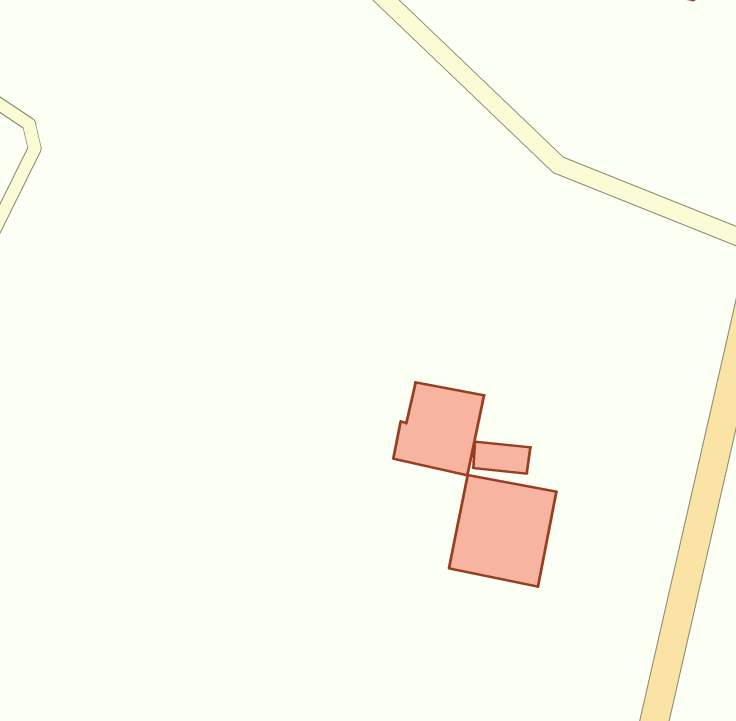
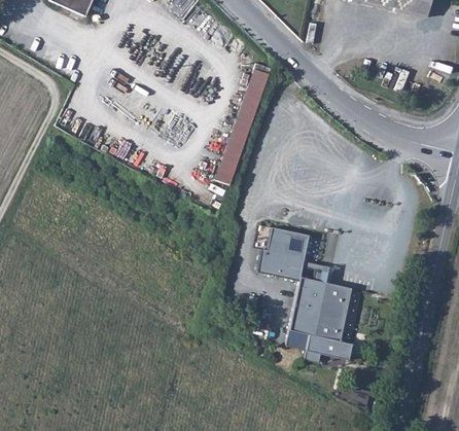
building: none -> [216,66,270,183]
building: none -> [287,330,353,363]

